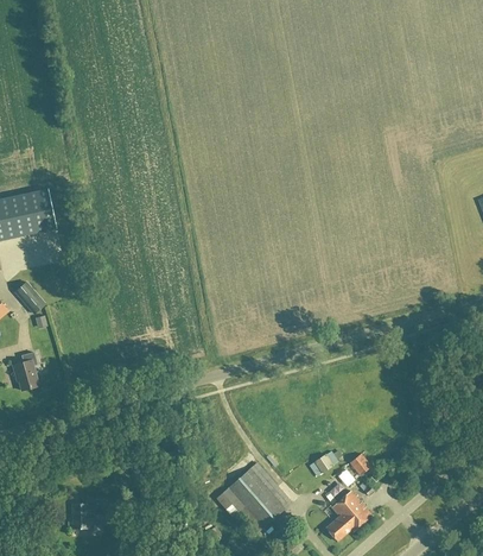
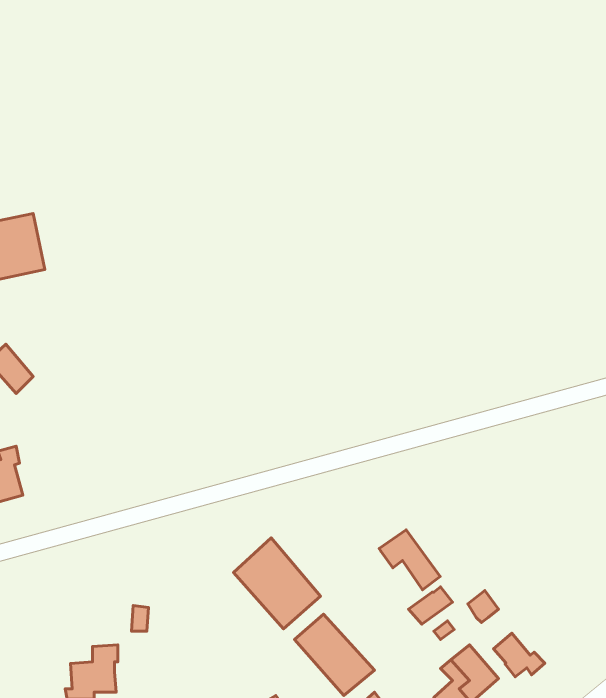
building: none -> [379,530,440,590]
building: none -> [234,538,320,629]
building: none -> [493,633,545,677]

